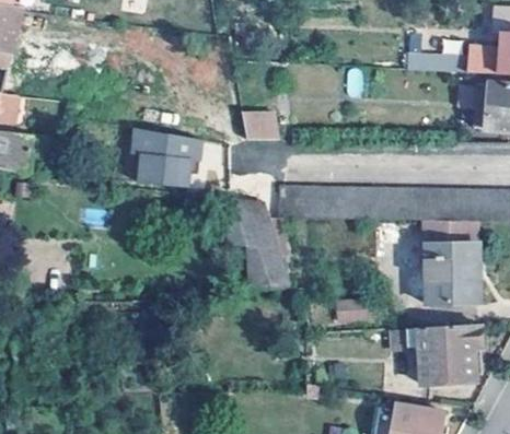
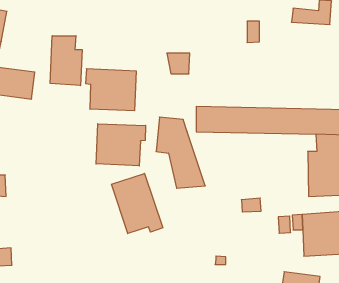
building: none -> [50,36,82,86]
building: none -> [96,124,146,166]
building: none -> [112,173,163,234]

